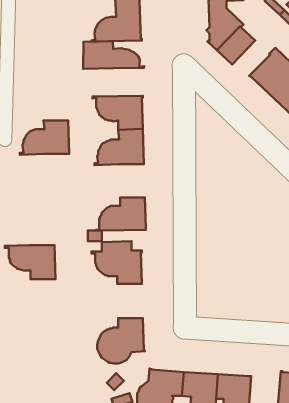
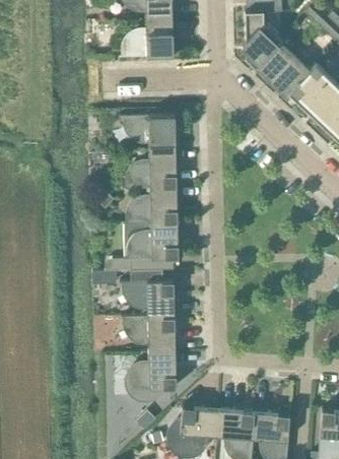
building: none -> [270,56,311,97]
building: [83,41,144,69] -> none
building: [20,121,69,155] -> [124,188,177,224]
building: [5,245,55,279] -> [121,316,175,352]

